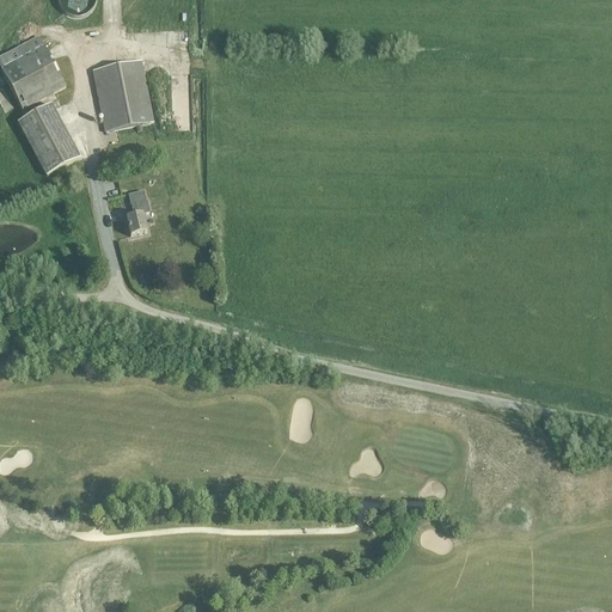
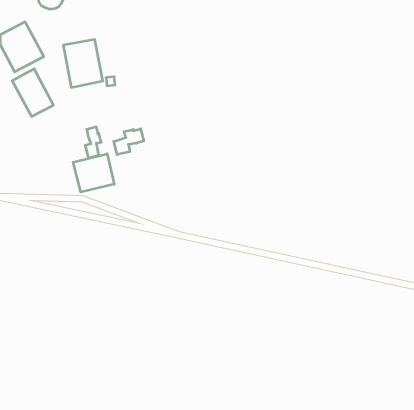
building: none -> [114,129,144,155]
building: none -> [73,154,114,192]

